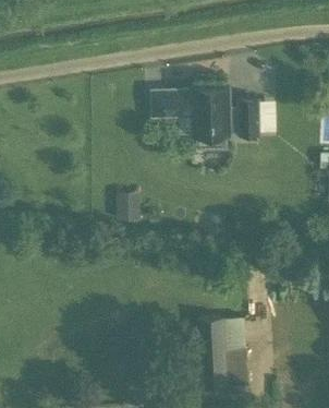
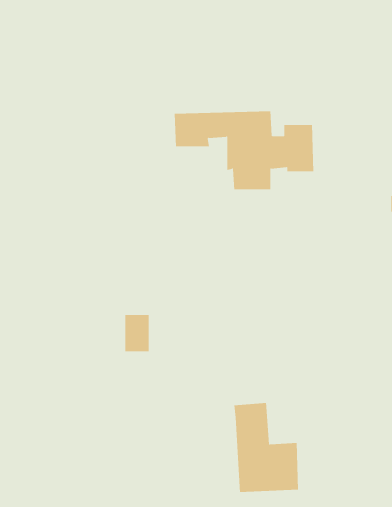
building: [120,192,139,221] -> [124,314,149,352]

